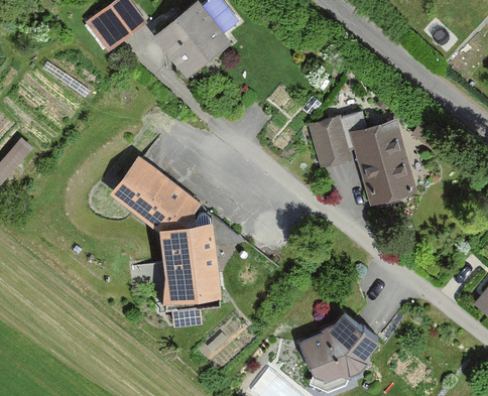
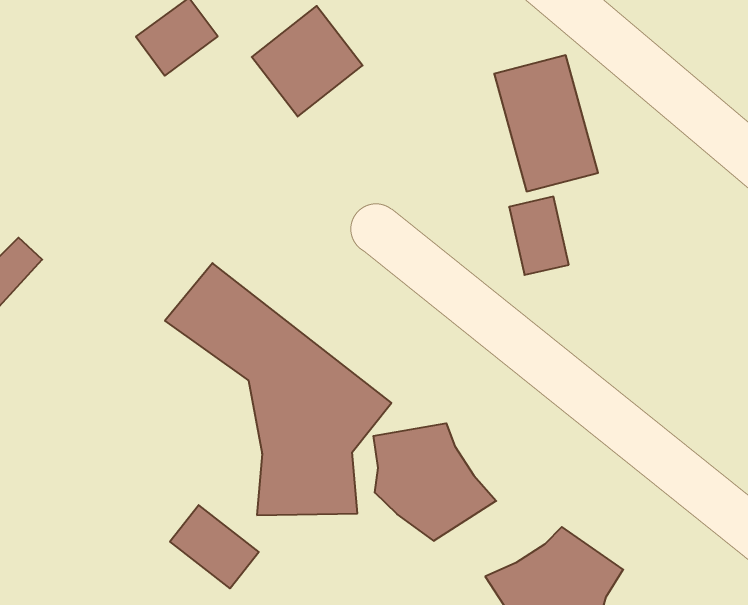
building: [353,121,414,202] -> [494,55,598,191]
building: none -> [373,423,496,541]
building: none -> [170,505,259,588]

